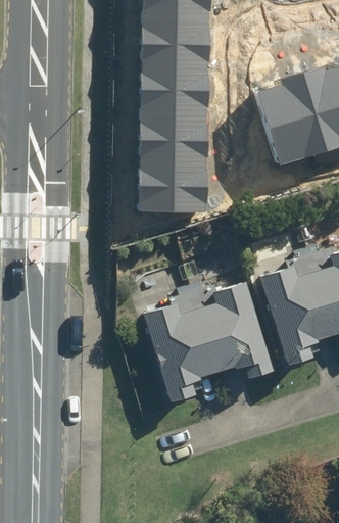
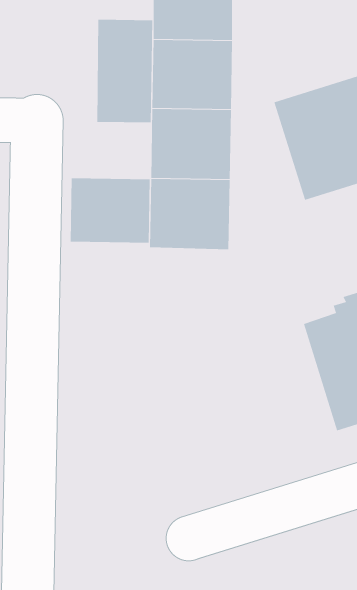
building: none -> [97,19,153,123]
building: none -> [70,177,150,244]
building: [145,281,276,402] -> none

